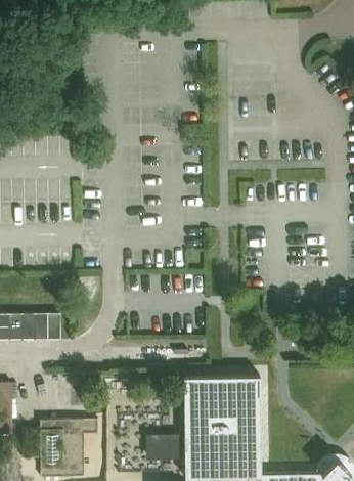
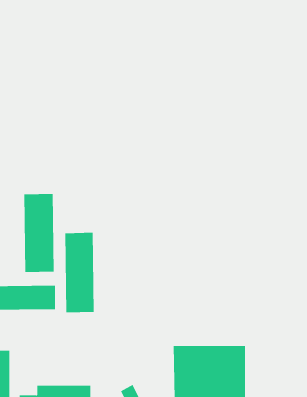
building: none -> [24,193,54,273]
building: none -> [65,232,94,313]

